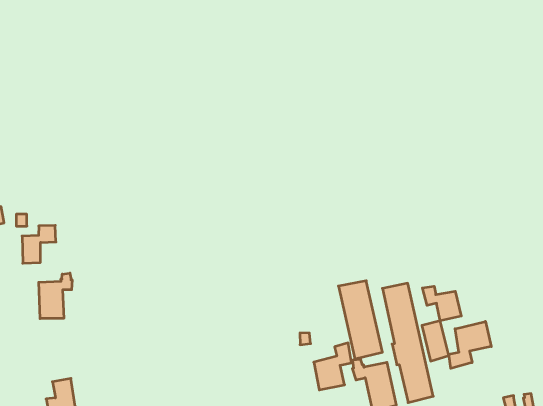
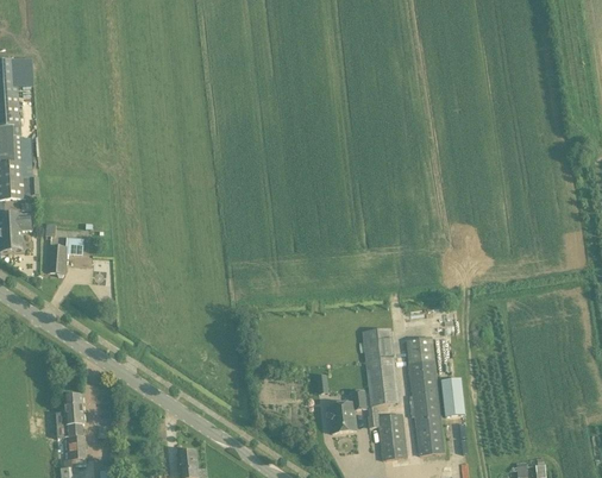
building: [39,273,72,319] -> none
building: [422,286,461,321] -> none
building: [449,321,491,368] -> none

